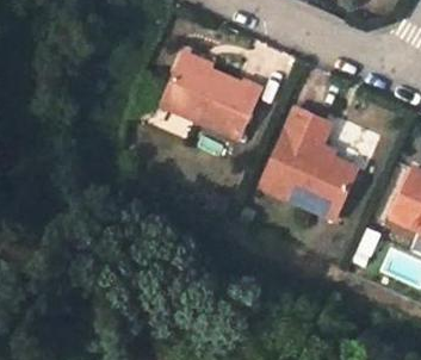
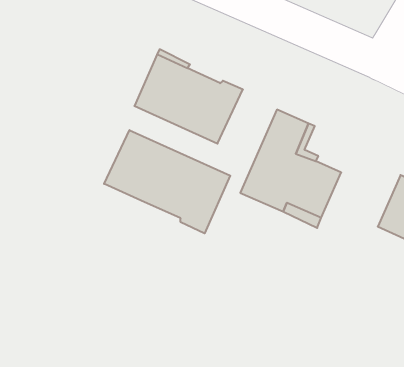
building: none -> [104,130,230,233]

